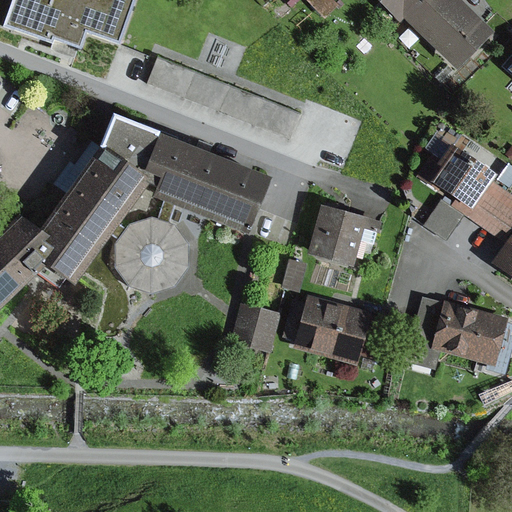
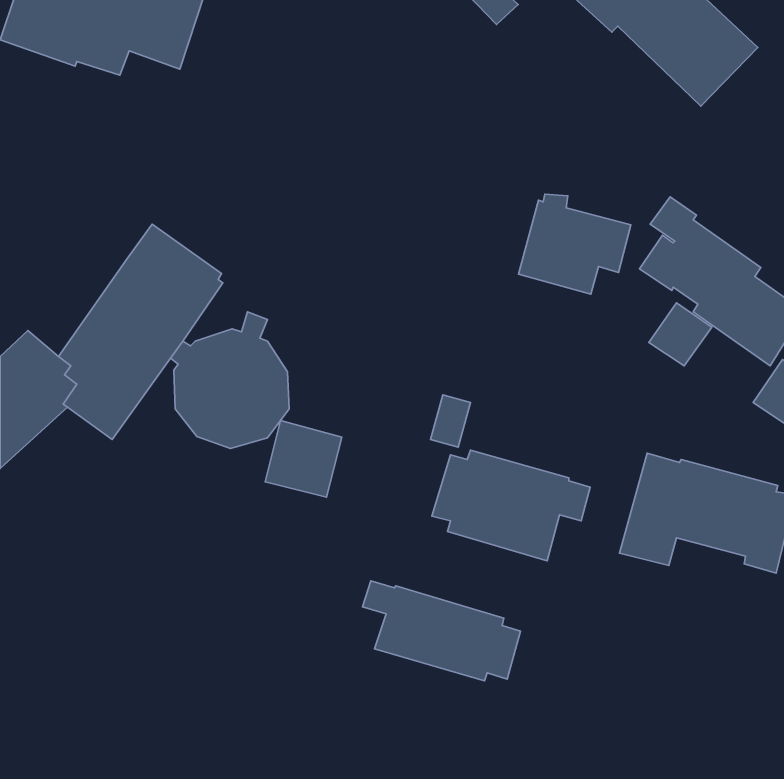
building: [147,56,301,138] -> none
building: [98,114,269,236] -> none
building: [307,200,380,265] -> [519,194,631,294]
building: [231,301,281,351] -> [265,420,342,497]
building: none -> [362,581,521,681]

